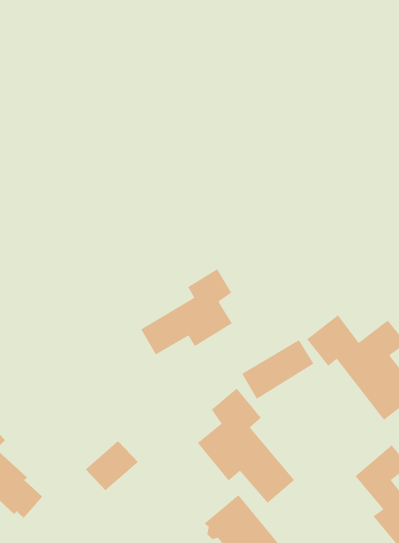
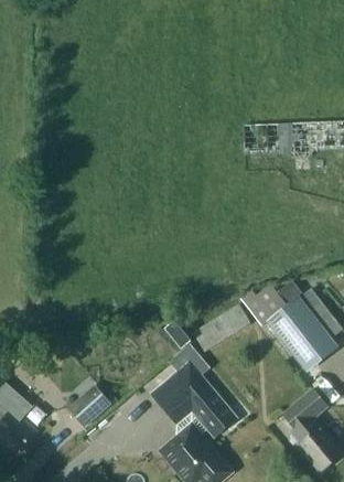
building: [140,268,233,355] -> none

